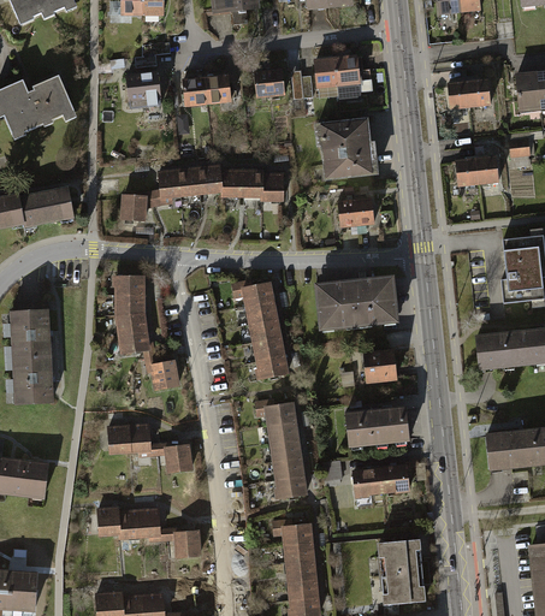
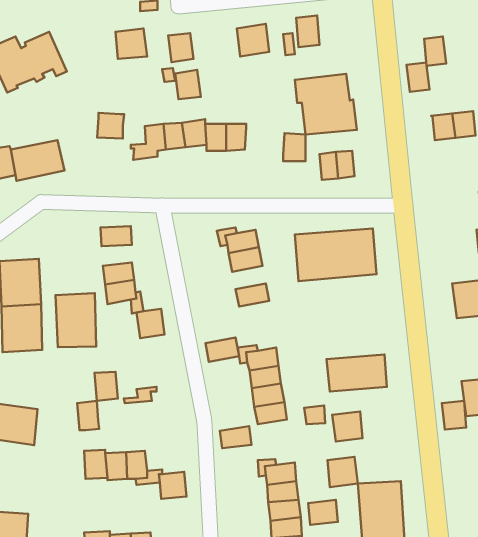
building: [336,57,372,102] -> none
building: [205,72,231,102] -> [175,70,201,99]
building: [466,77,490,107] -> [406,63,430,92]
building: [261,173,284,202] -> [283,133,305,161]
building: [119,194,147,220] -> [97,113,124,139]
building: [113,295,144,316] -> none
building: [248,316,283,340] -> none
building: none -> [55,293,96,347]
building: [362,350,396,385] -> none
building: [255,353,290,378] -> [205,337,239,362]
building: [128,424,150,454] -> [77,401,99,430]
building: [164,445,192,473] -> none
building: none -> [442,401,466,430]
building: [380,463,411,494] -> [328,457,358,487]
building: [274,475,307,498] -> [220,426,251,448]
building: none -> [308,500,338,525]

